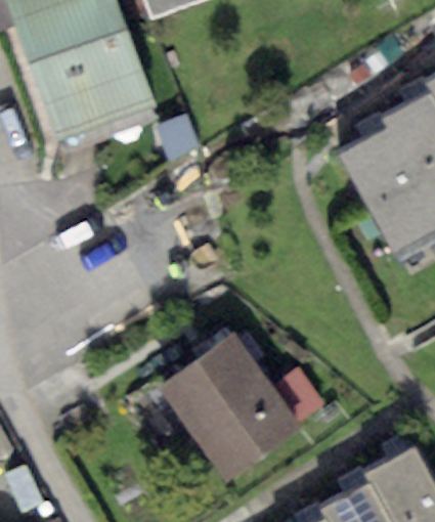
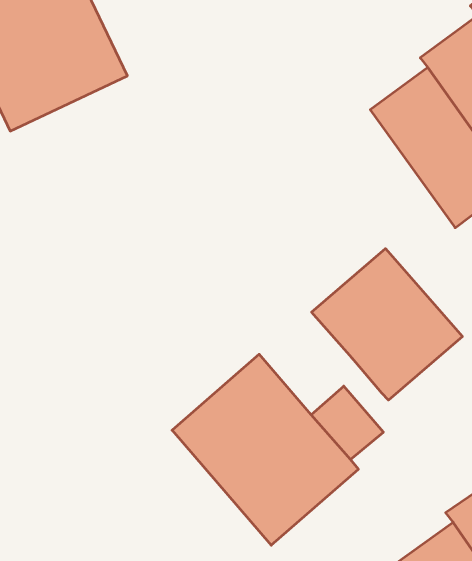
building: none -> [312,249,462,400]

